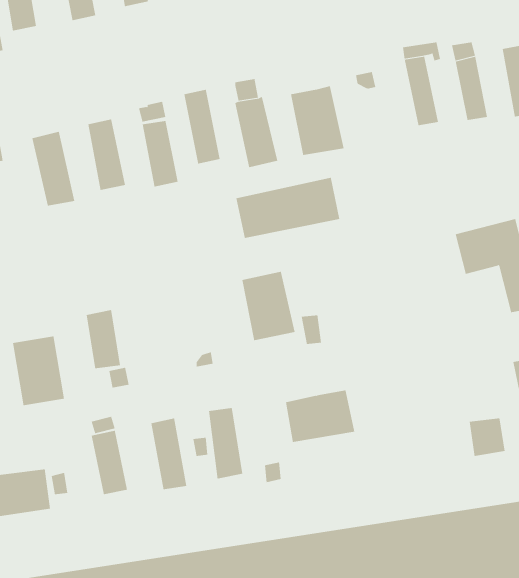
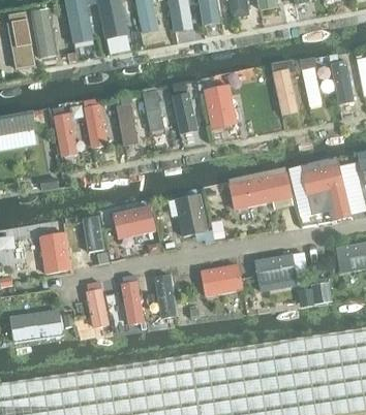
building: [235,177,340,239] -> [230,173,292,210]
building: none -> [114,206,156,240]
building: none -> [255,255,297,286]

